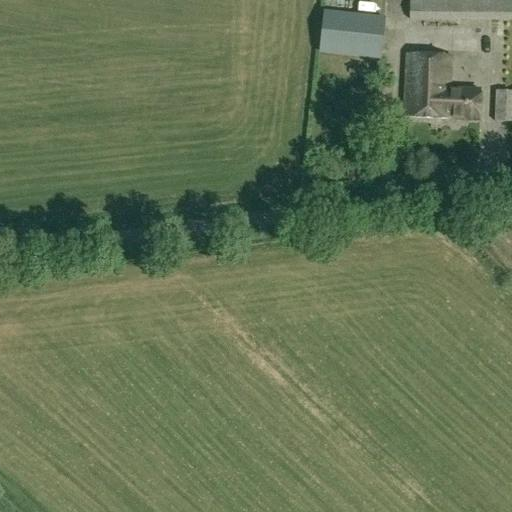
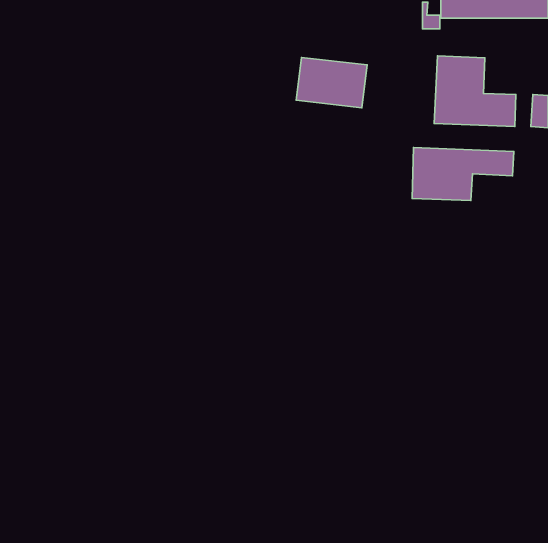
building: [319,9,385,56] -> [296,57,367,108]
building: none -> [412,148,514,201]

